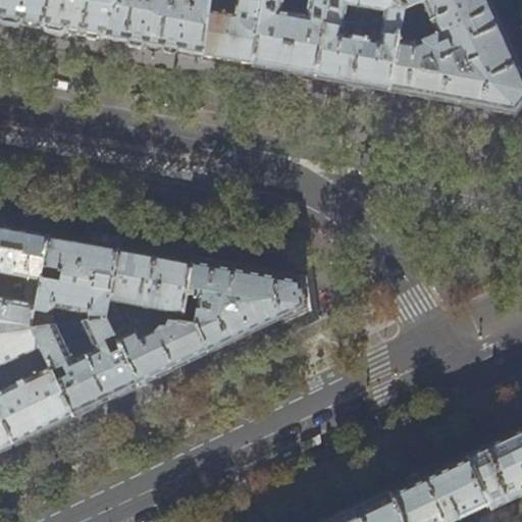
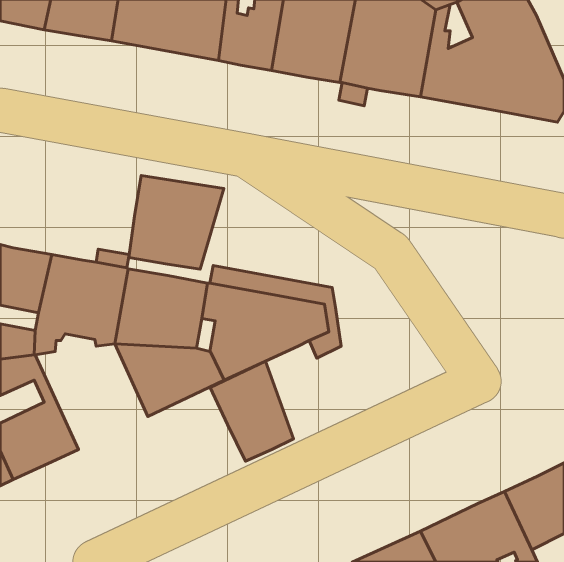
building: none -> [129,176,224,269]
building: [33,318,137,416] -> none
building: none -> [210,361,294,461]

